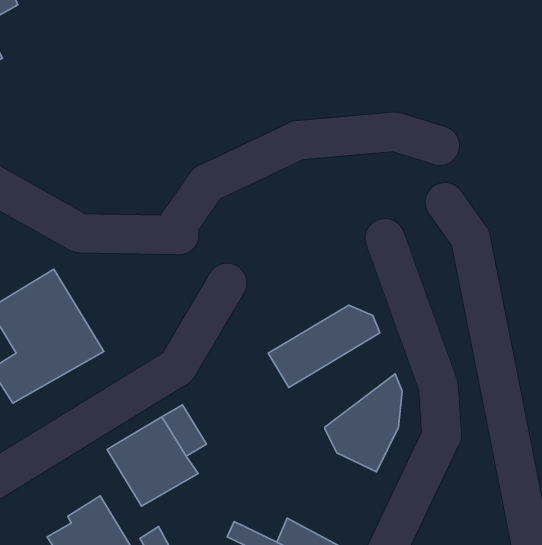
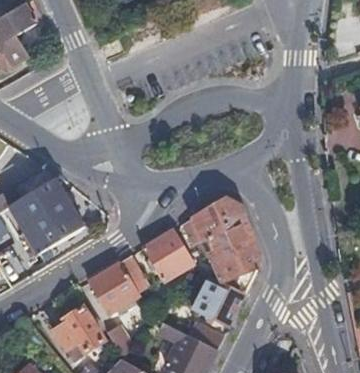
building: none -> [208,213,255,268]
building: none -> [142,229,193,283]
building: none -> [193,278,244,327]

